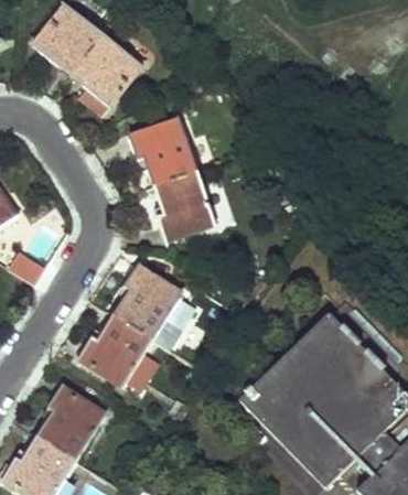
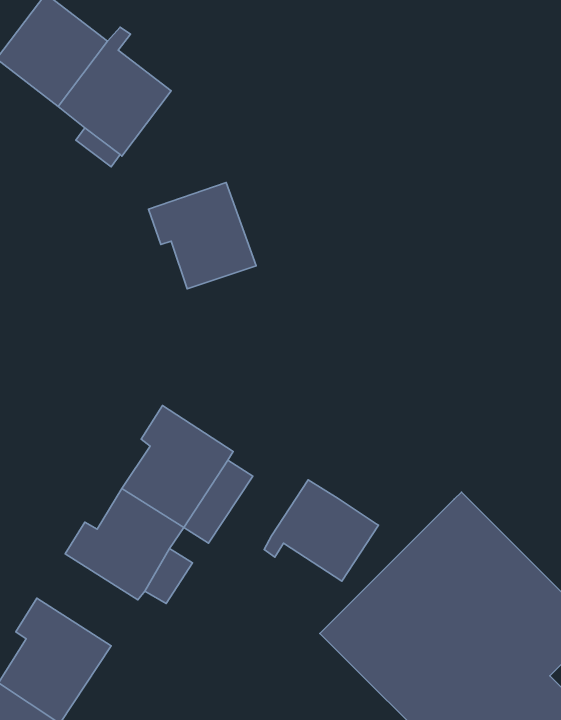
building: [153,174,213,241] -> none
building: none -> [264,480,379,581]

